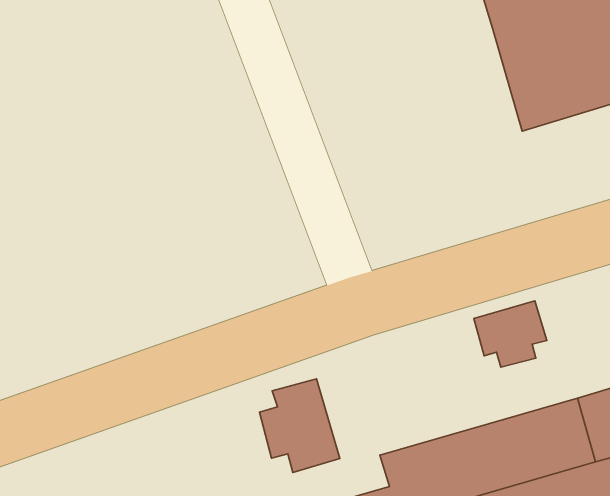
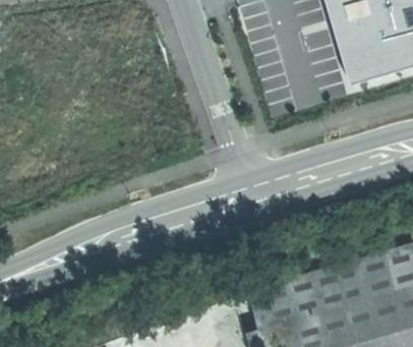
building: [474,301,547,367] -> none
building: [260,379,340,473] -> none

